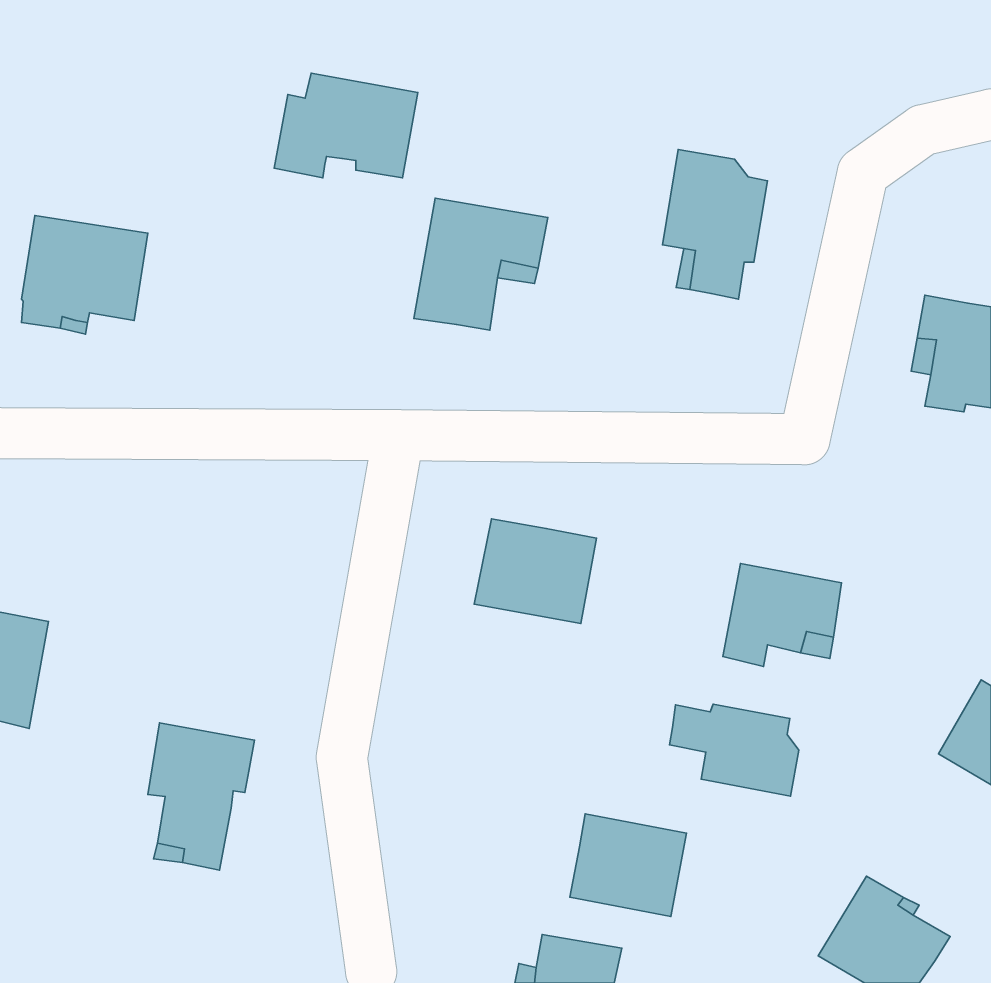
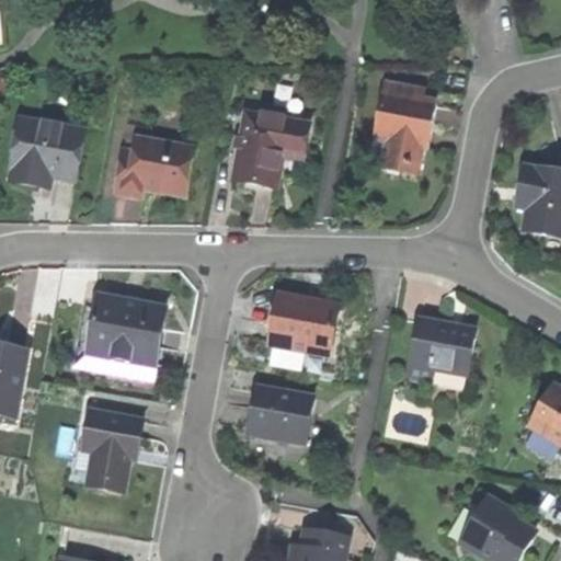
building: [274,73,418,178] -> [115,138,196,197]
building: none -> [88,295,165,366]
building: [670,704,799,796] -> none
building: [570,814,686,917] -> [247,383,312,442]

